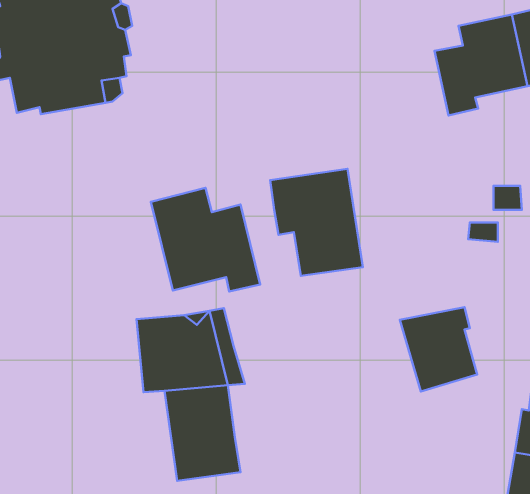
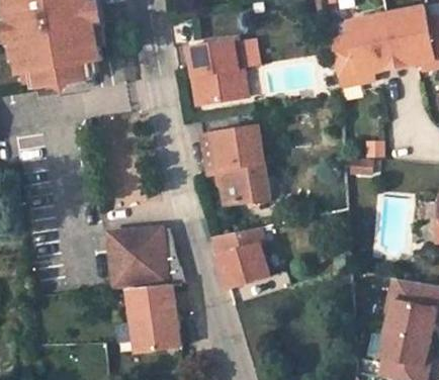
building: none -> [190,40,248,107]
building: [151,188,260,291] -> none
building: [400,307,477,391] -> [215,227,271,288]

